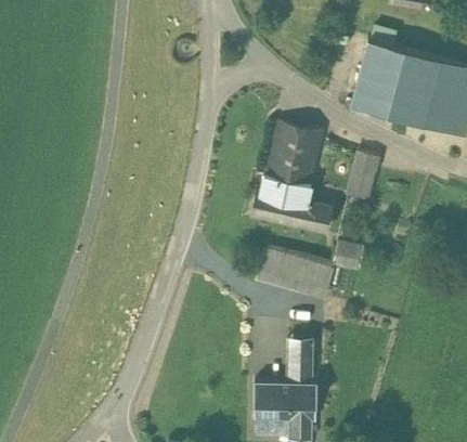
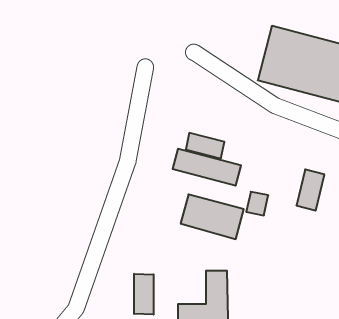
building: [268,123,323,182] -> none
building: [345,152,379,203] -> [296,169,324,211]
building: none -> [134,274,154,315]

